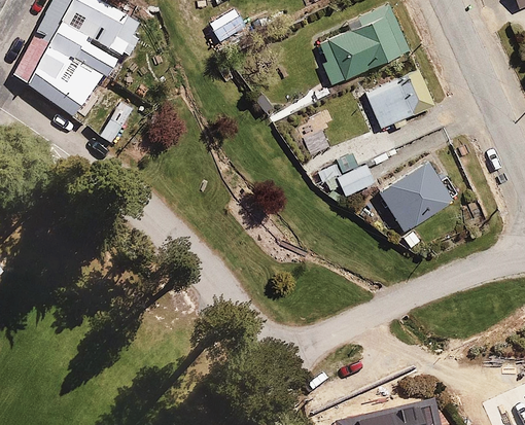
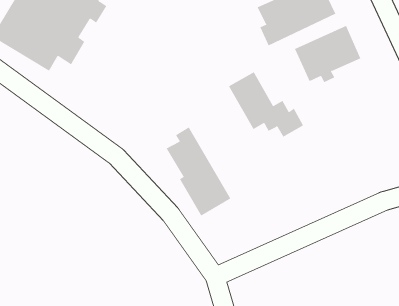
building: [379,157,455,229] -> none
building: none -> [166,126,231,217]

